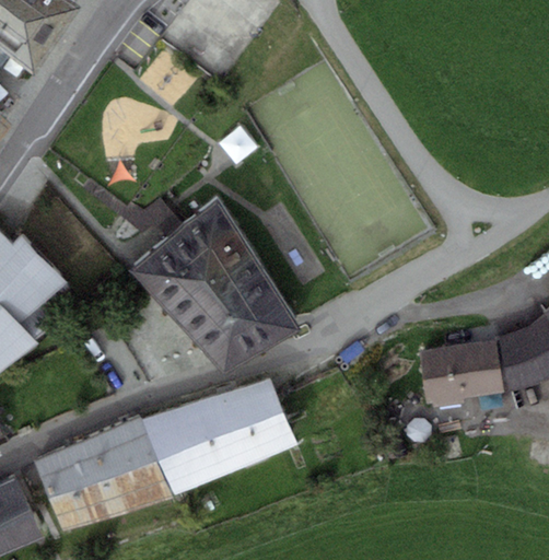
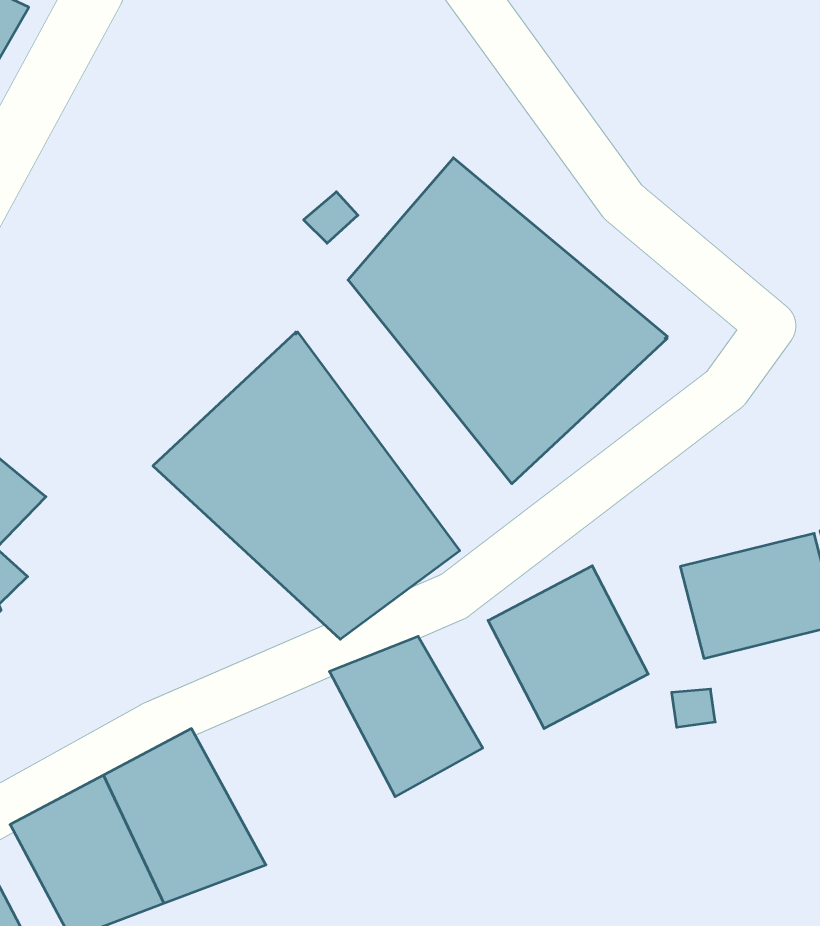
building: none -> [348,158,667,484]
building: none -> [488,566,648,729]
building: [141,392,248,494] -> none

